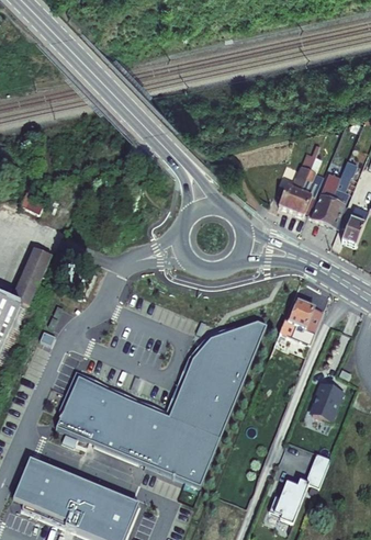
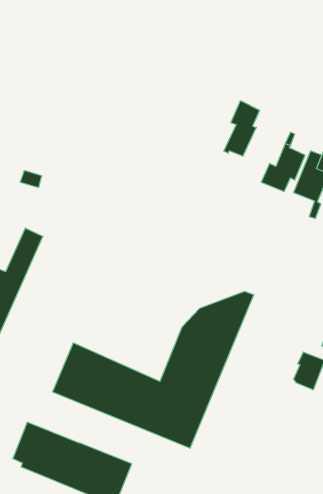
building: none -> [224,101,259,156]
building: [273,297,324,349] -> none
building: [267,454,329,526] -> none

